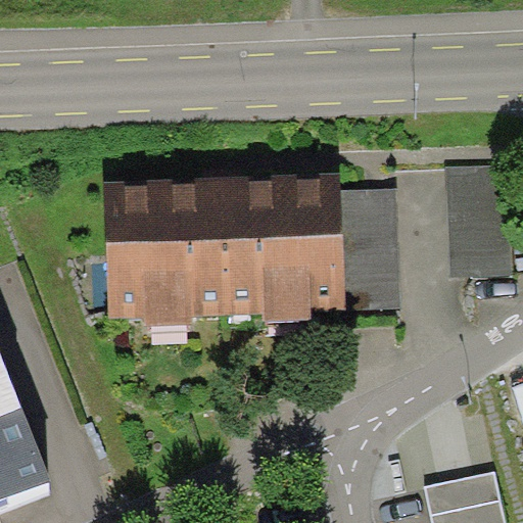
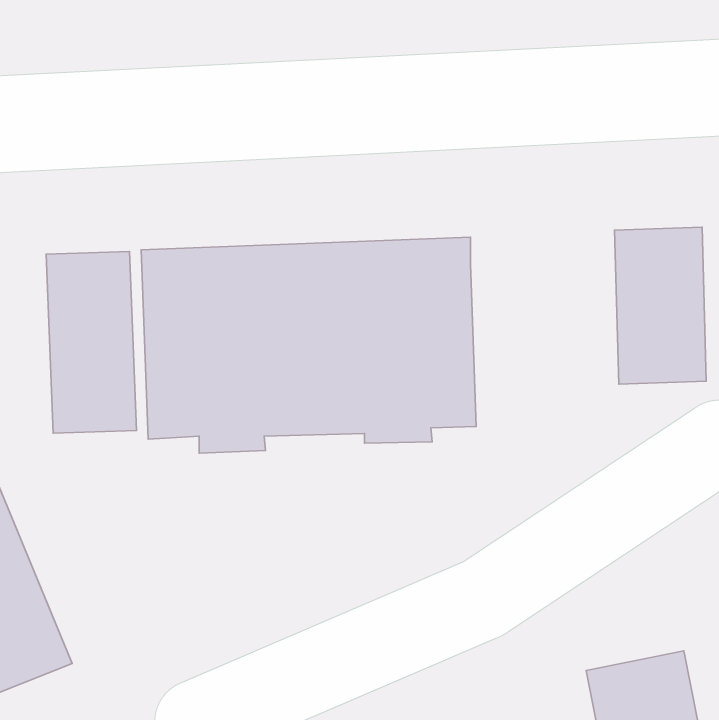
building: none -> [46,251,136,433]
building: [340,190,399,310] -> none

